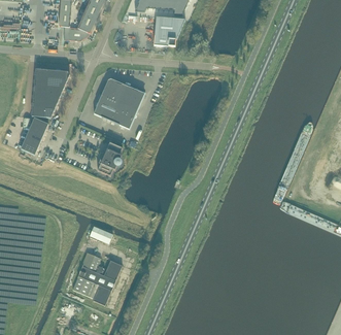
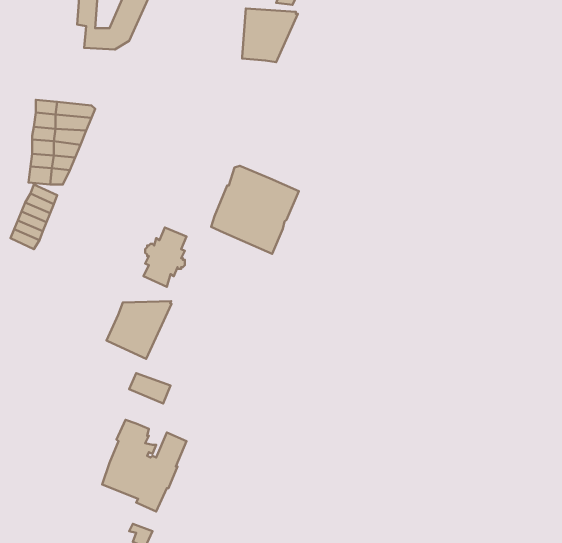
building: [94,77,144,128] -> [211,166,299,254]
building: none -> [106,301,172,359]

